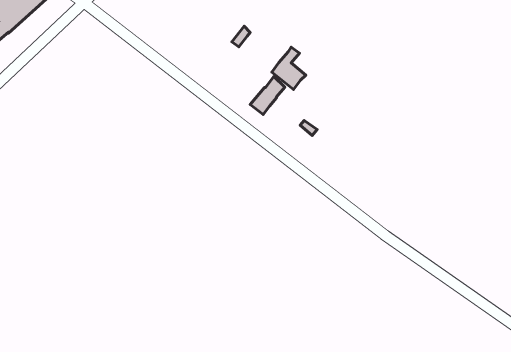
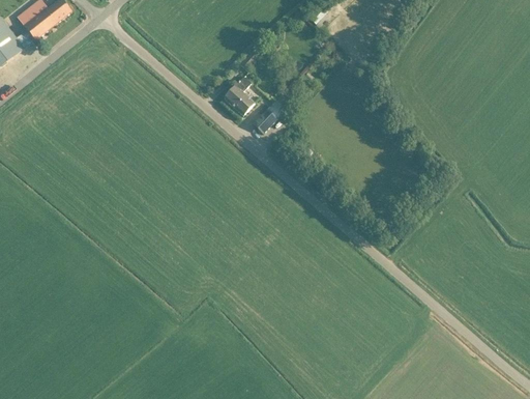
building: [272,47,306,90] -> [223,77,254,116]

